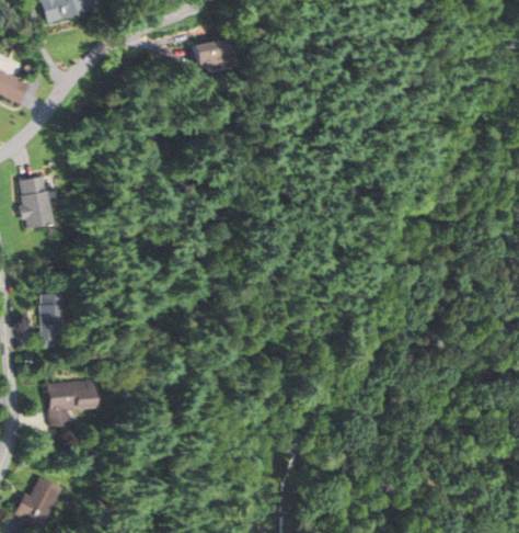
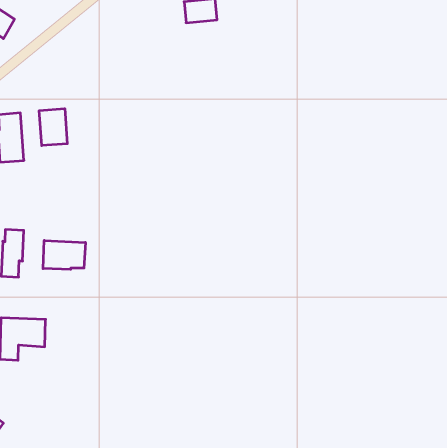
building: none -> [39,109,67,146]
building: none -> [43,240,85,269]

